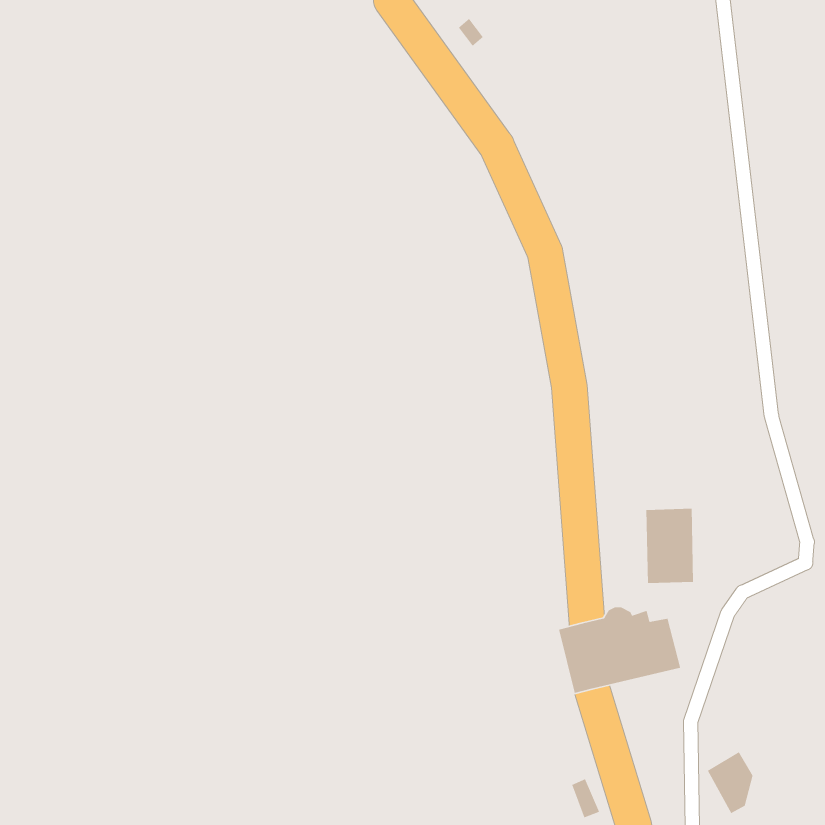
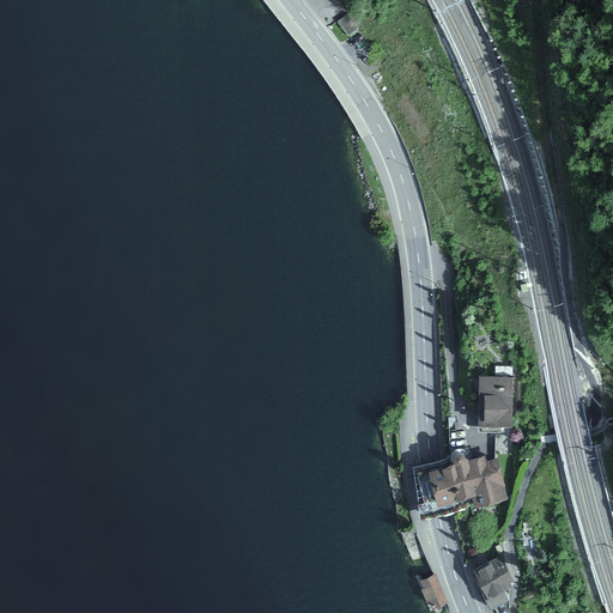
building: [707,751,754,814] -> [478,558,512,605]

